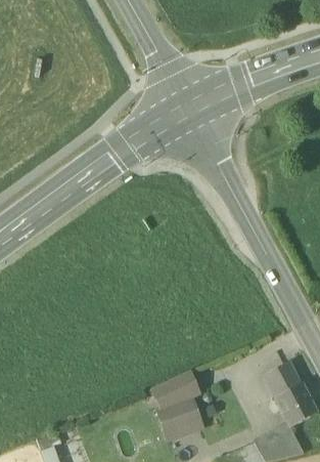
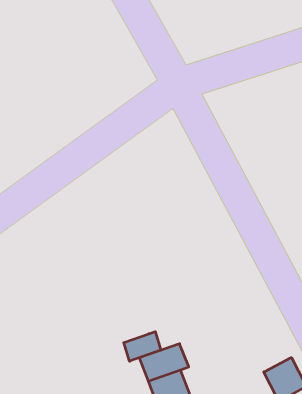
building: none -> [124,332,161,361]
building: [264,363,303,400] -> none

